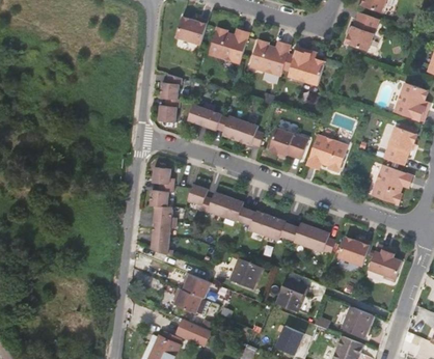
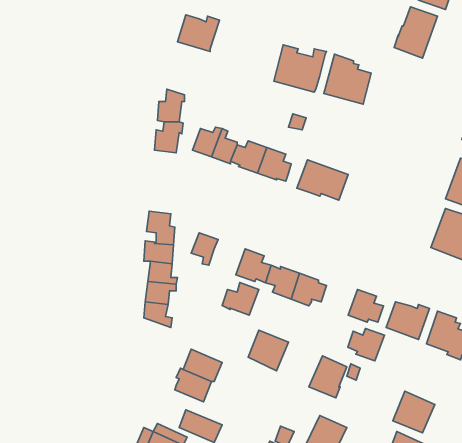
building: [209,27,249,64] -> none
building: [306,134,348,172] -> none
building: [200,191,228,216] -> [222,283,259,315]
building: [287,222,315,247] -> [348,328,384,361]

